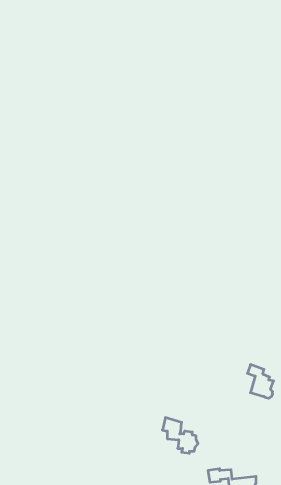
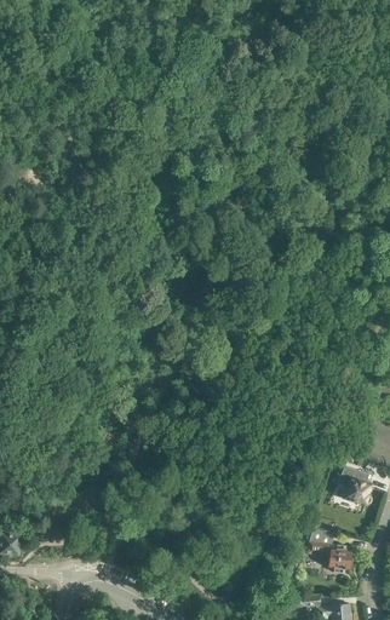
building: [162,418,198,453] -> [309,529,354,574]

